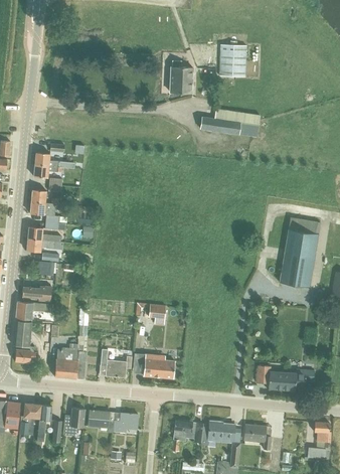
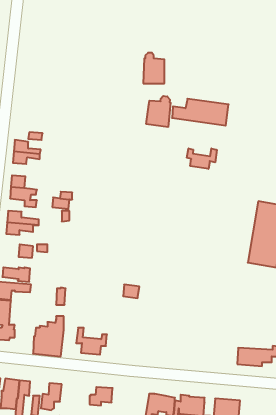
building: [219,42,246,76] -> none
building: none -> [146,96,171,127]
building: none -> [187,148,217,169]
building: [143,354,175,378] -> none
building: [89,409,114,431] -> none

